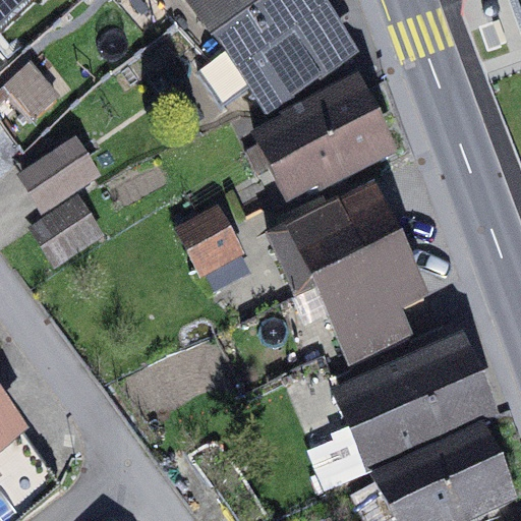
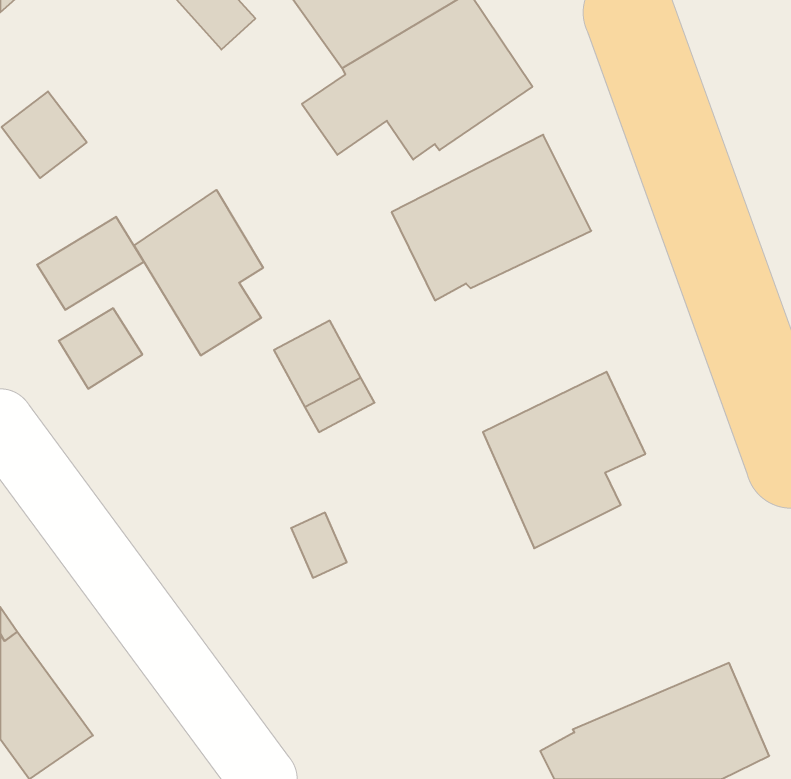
building: none -> [134,190,263,356]
building: [271,188,399,293] -> none
building: [314,340,490,484] -> none

